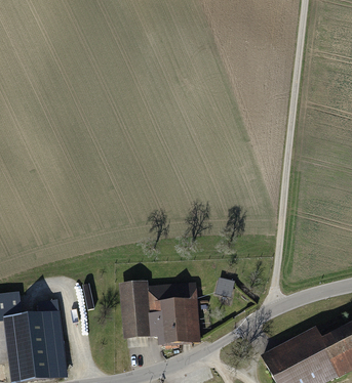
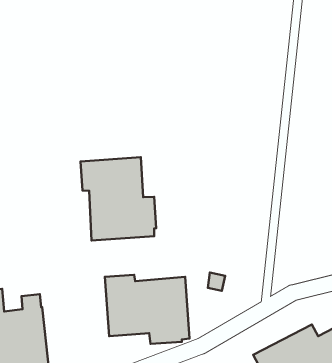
building: none -> [80,157,156,240]

